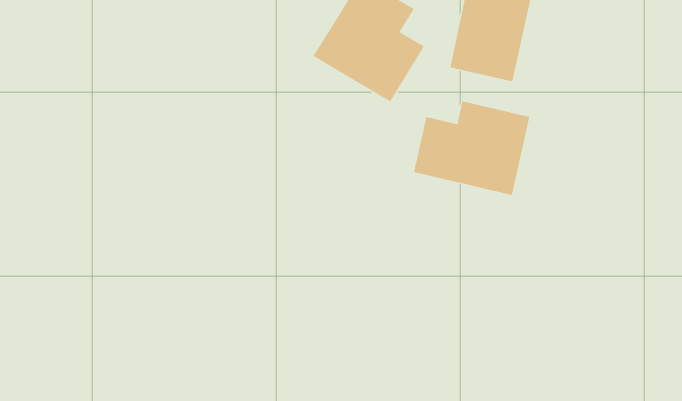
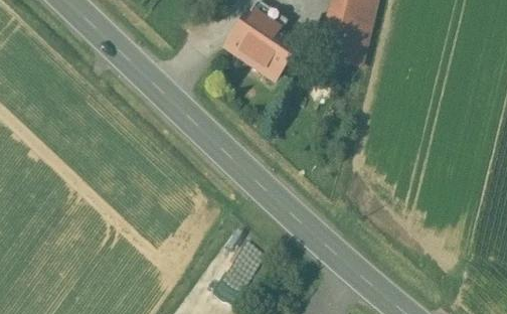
building: [413,100,530,196] -> none

